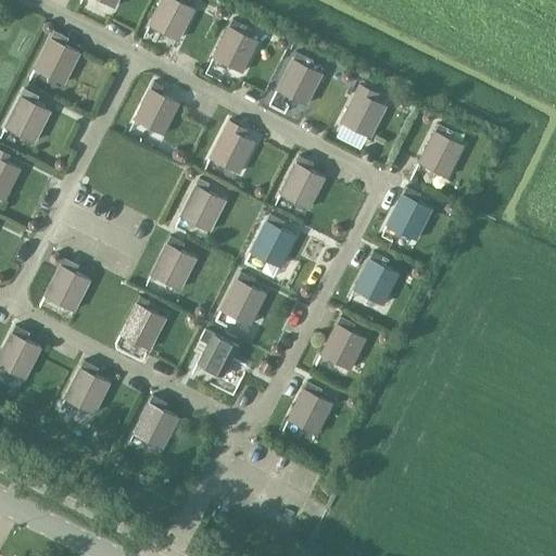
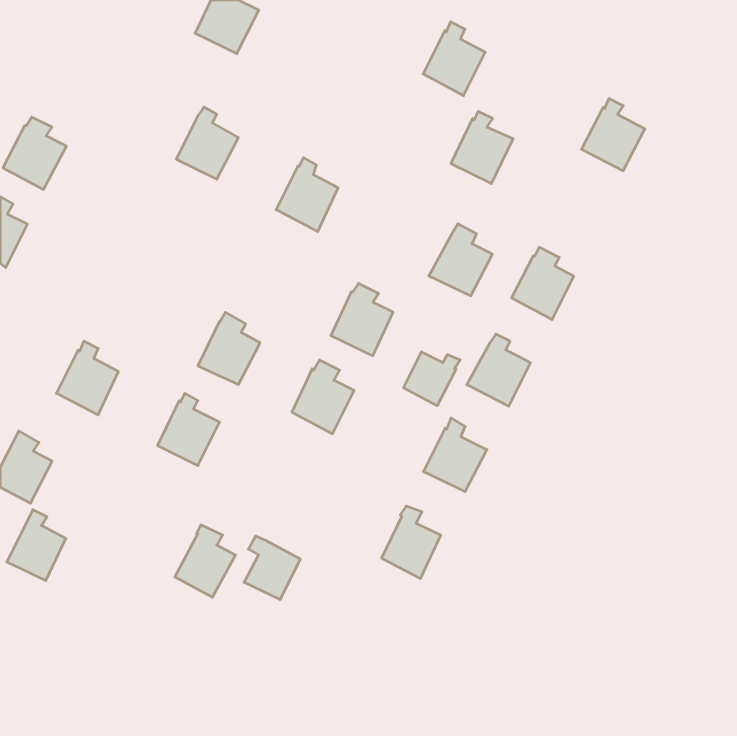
building: [212,20,258,74] -> none
building: [33,31,80,87] -> none
building: [276,52,323,108] -> [423,22,485,96]
building: [417,125,465,179] -> [581,99,645,171]
building: [278,156,326,211] -> [429,224,492,296]
building: [179,179,226,233] -> none
building: none -> [404,352,460,406]
building: [197,330,239,378] -> [244,536,300,600]
building: [64,362,109,415] -> [7,510,66,581]

